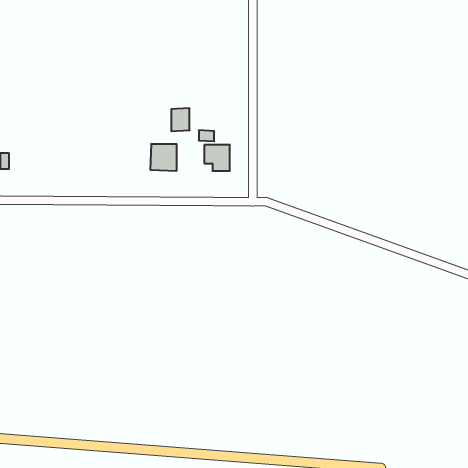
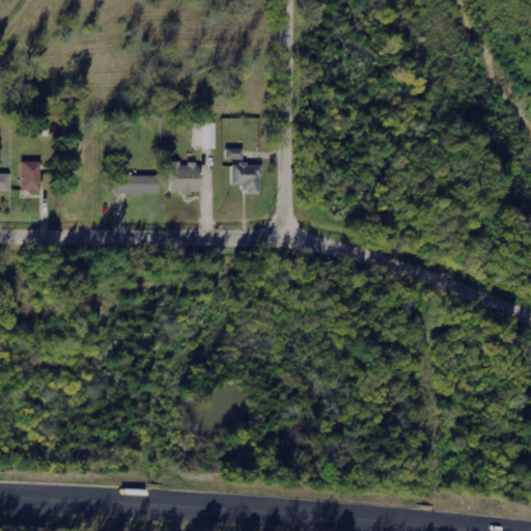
building: none -> [22,162,41,191]
building: none -> [116,174,158,194]

